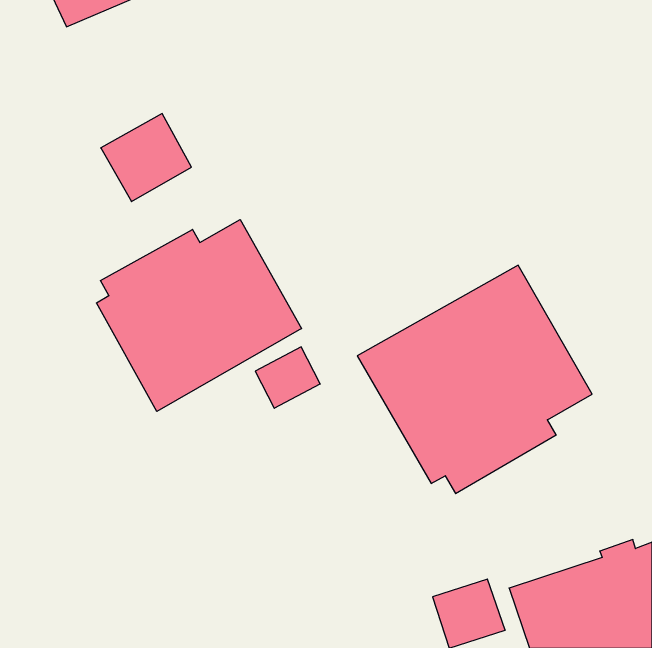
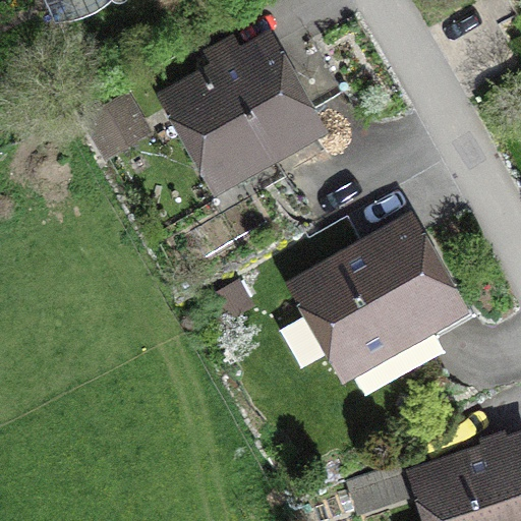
building: none -> [157,31,330,206]
building: [96,220,302,411] -> none

